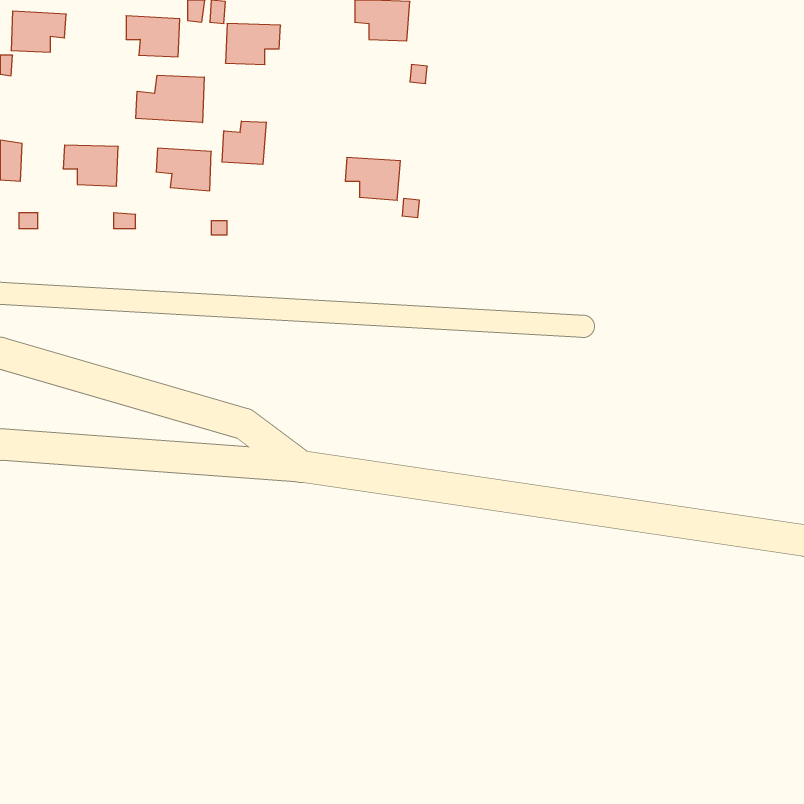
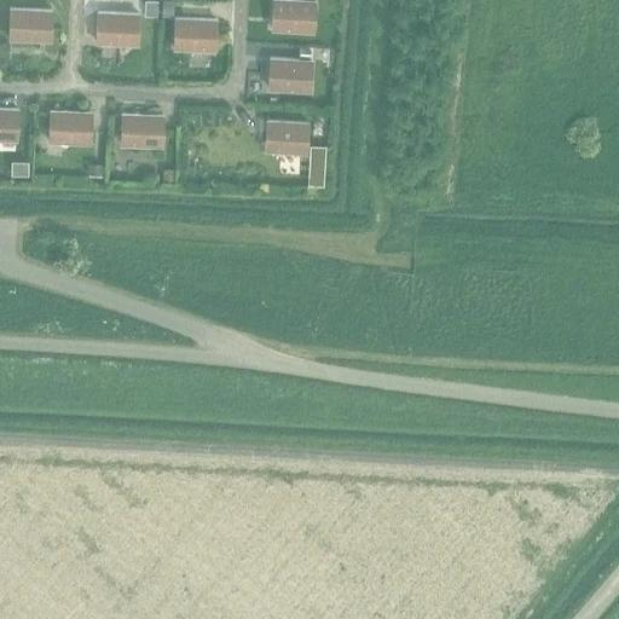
building: [136,75,204,123] -> none
building: none -> [270,59,312,92]
building: [222,121,266,164] -> none

